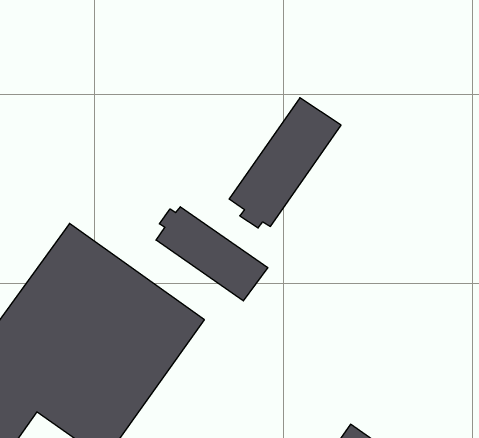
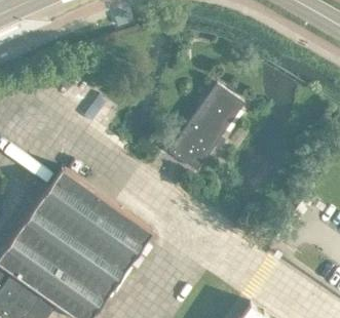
building: [156,207,268,301] -> none

